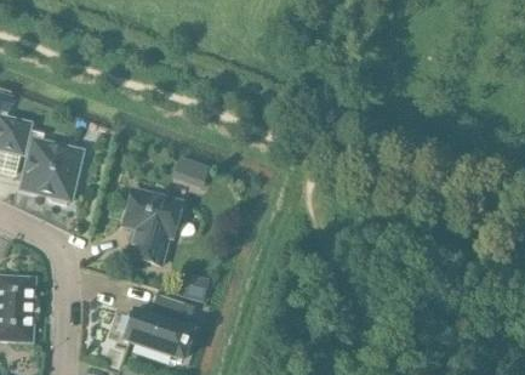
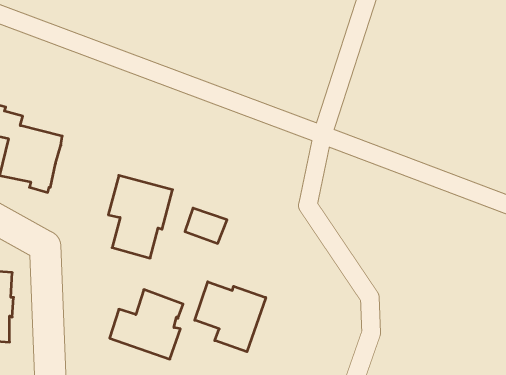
building: [166,152,205,184] -> [185,208,227,243]
building: none -> [195,282,266,352]

